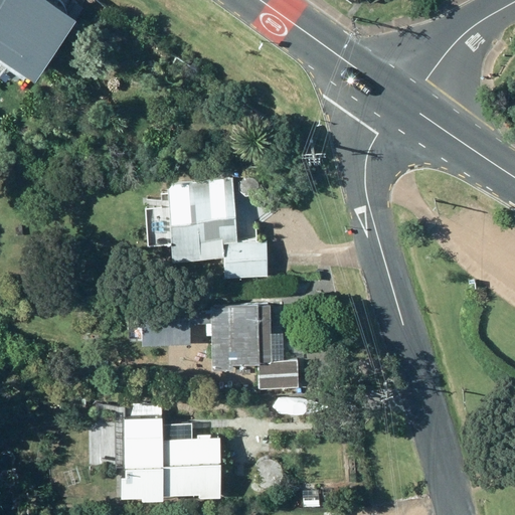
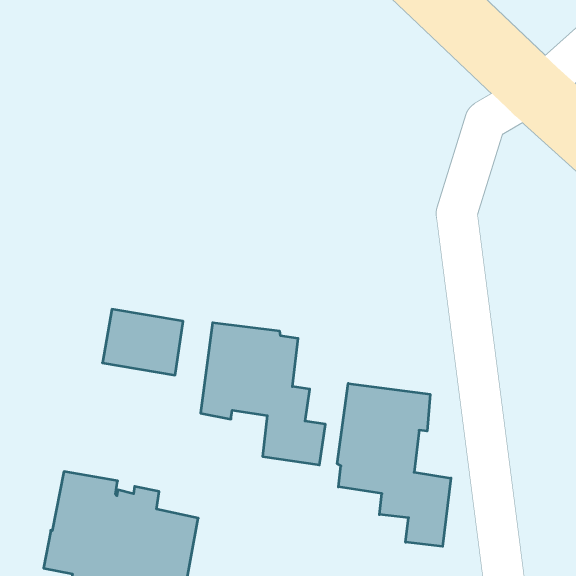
building: [167,179,269,278] -> none
building: none -> [337,383,451,546]

